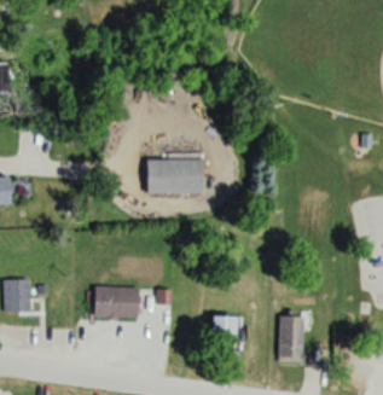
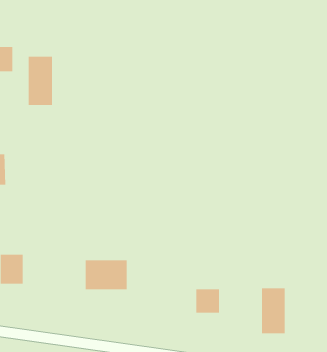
building: none -> [28,56,52,106]
building: [147,155,203,193] -> none

